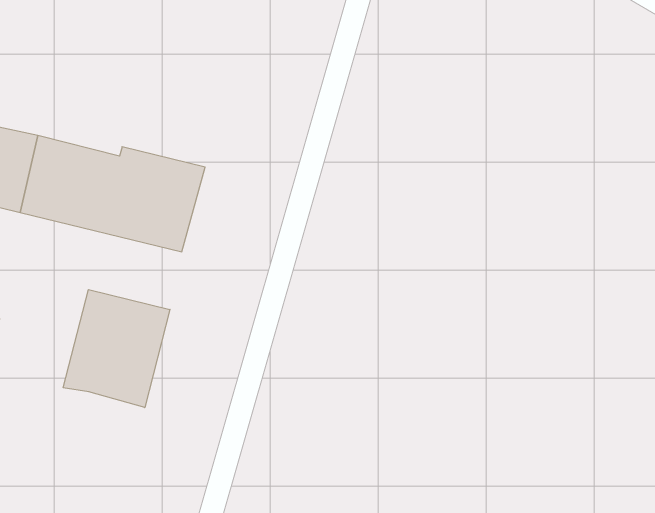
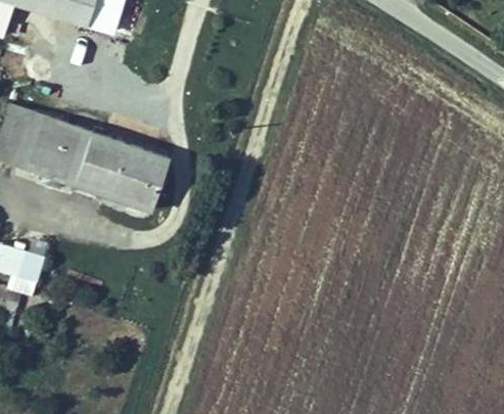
building: [63,290,170,408] -> none

